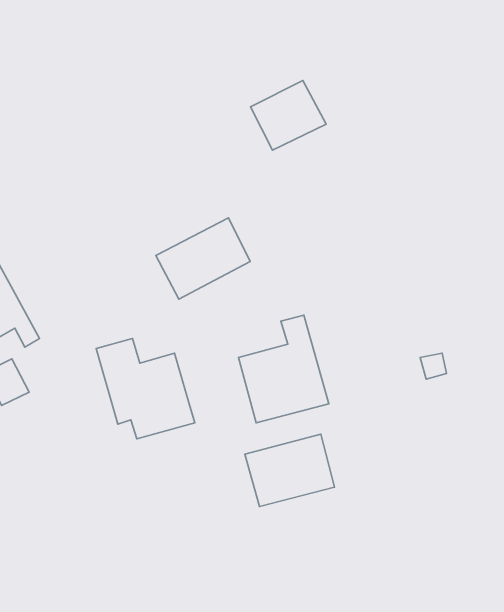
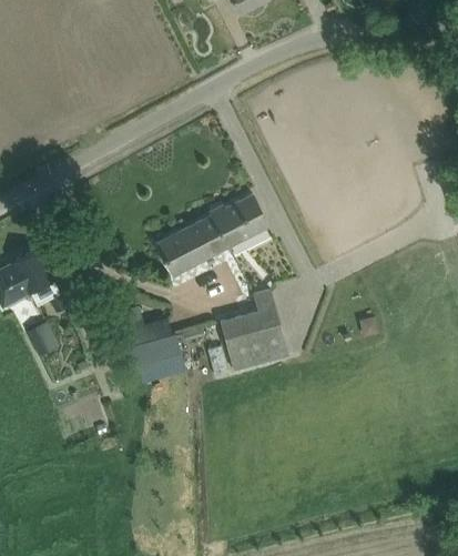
building: [251,81,326,150] -> [213,193,271,246]
building: [245,434,334,506] -> none

